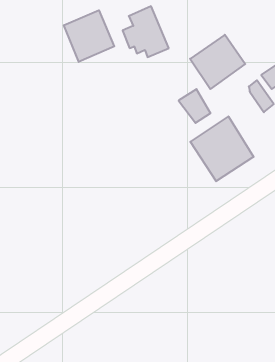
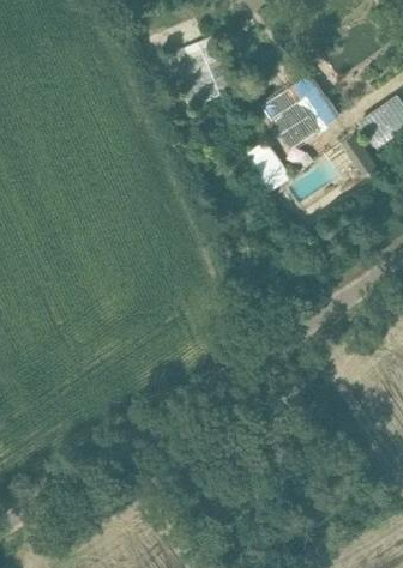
building: [64,10,114,62] -> none
building: [190,116,254,181] -> none

